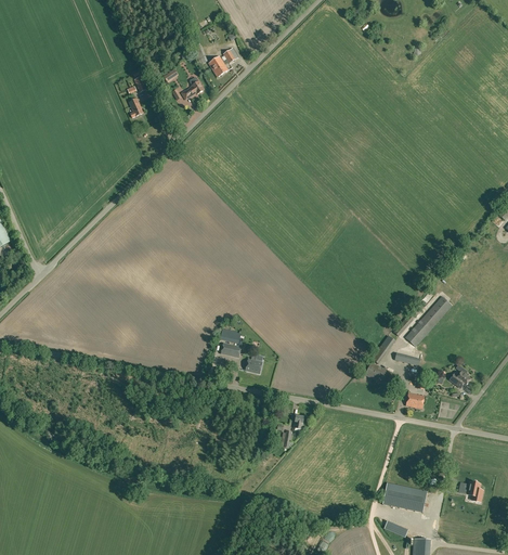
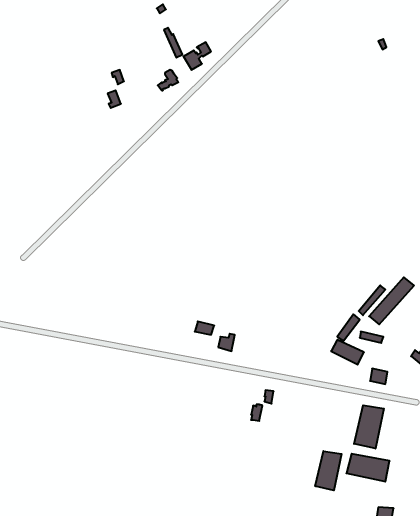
building: none -> [354,405,384,449]
building: none -> [315,451,342,490]

